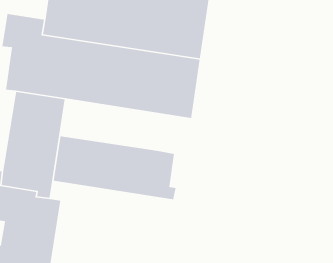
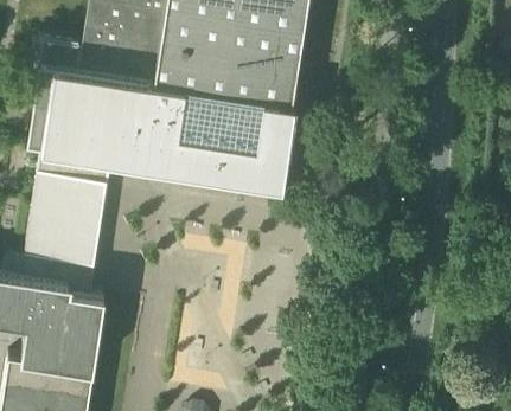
building: [53,135,176,200] -> none

